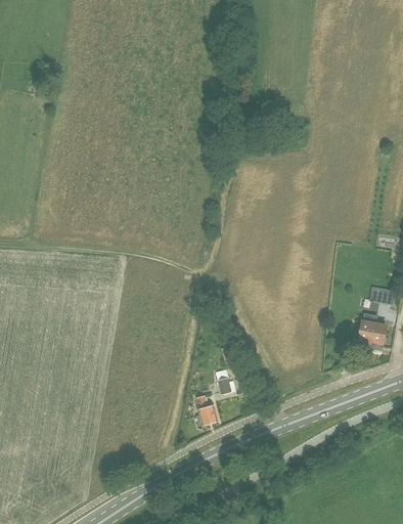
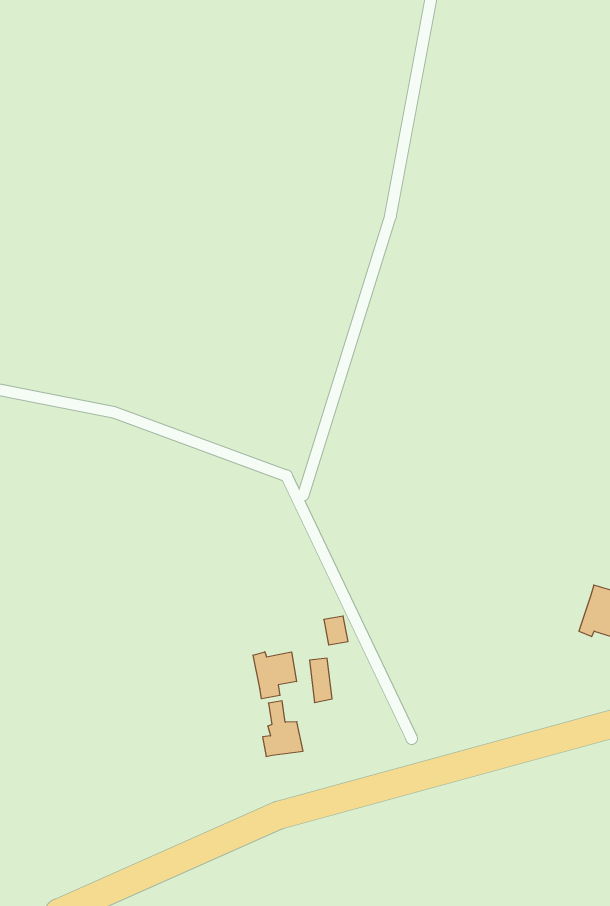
building: none -> [253,652,297,699]

